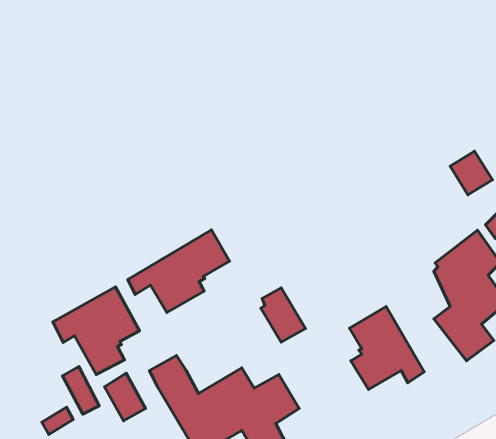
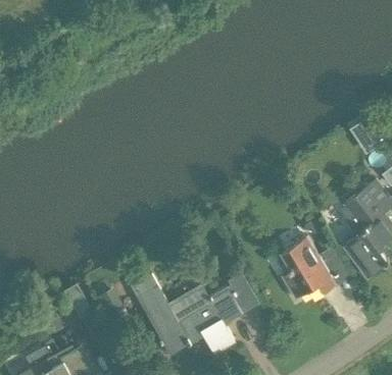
building: [128,230,230,313] -> none
building: [53,287,140,374] -> none
building: [261,288,306,342] -> [227,272,260,313]

